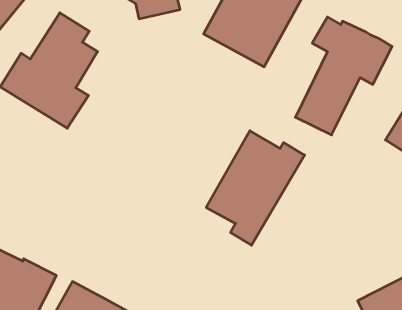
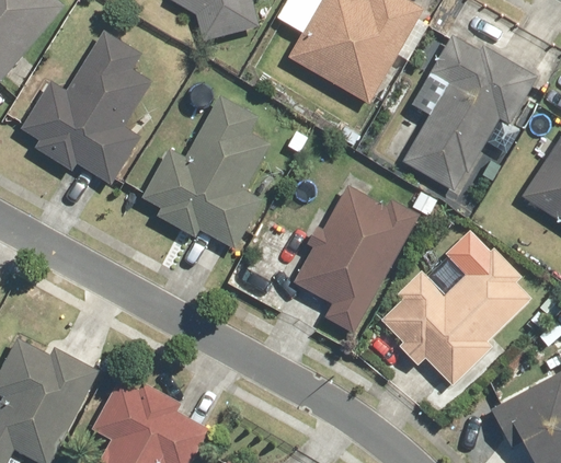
building: none -> [144,93,270,248]
building: none -> [382,254,529,390]

